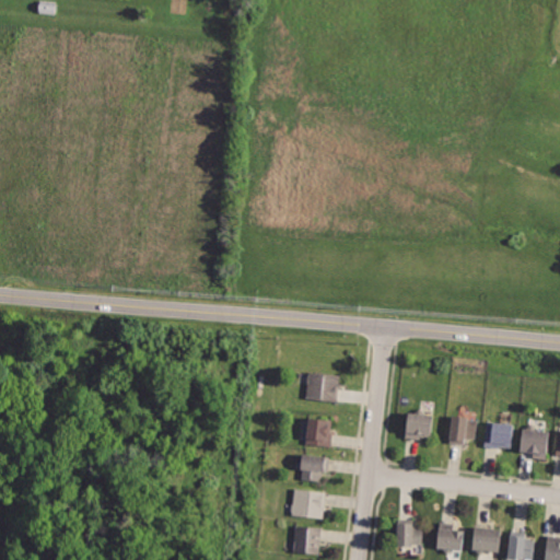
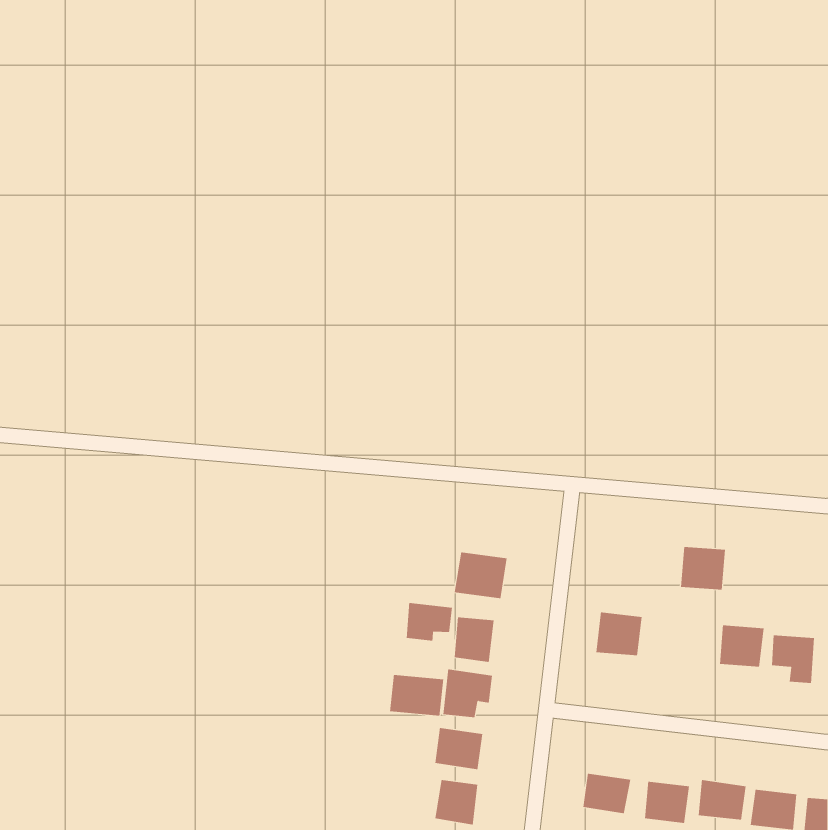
building: none -> [406,602,453,641]
building: [446,415,477,444] -> [680,546,726,590]
building: none -> [389,674,444,717]

